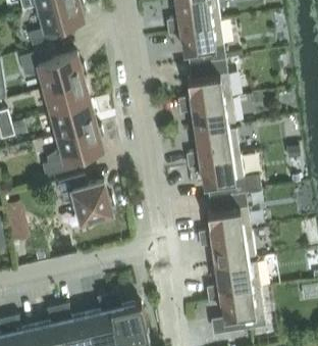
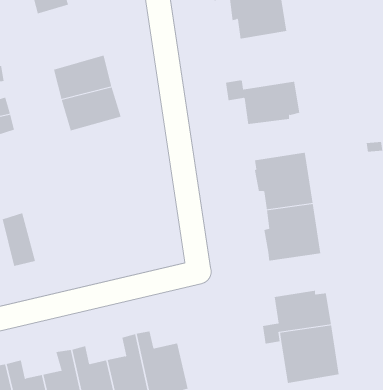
building: [19,52,87,90] -> none
building: [187,60,231,105] -> none
building: [42,127,104,179] -> none
building: [185,129,240,169] -> none
building: [58,176,115,225] -> none
building: [198,232,255,266] -> none

